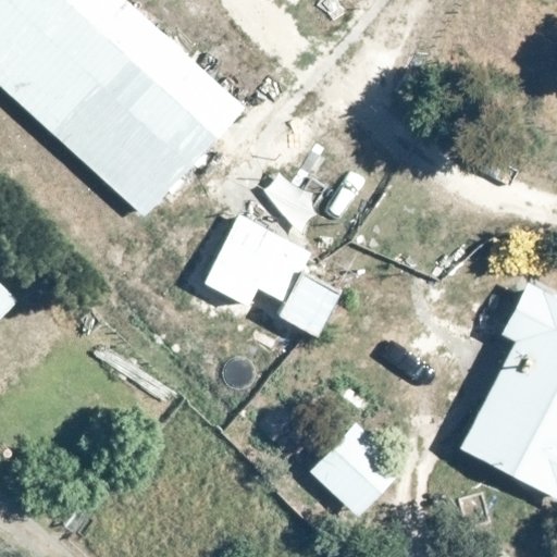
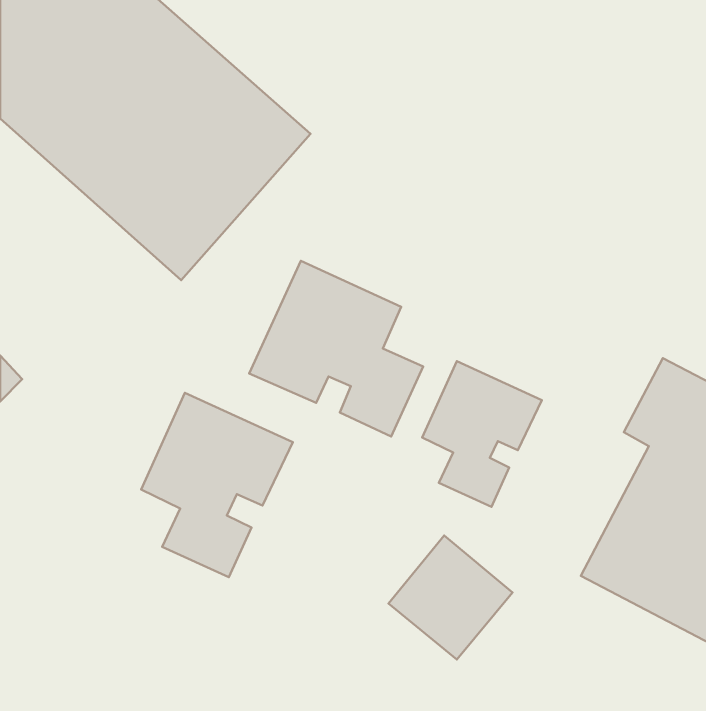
building: none -> [422,361,542,507]
building: none -> [141,393,293,577]

